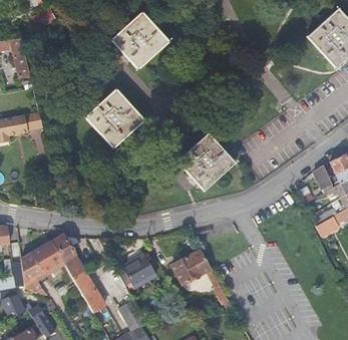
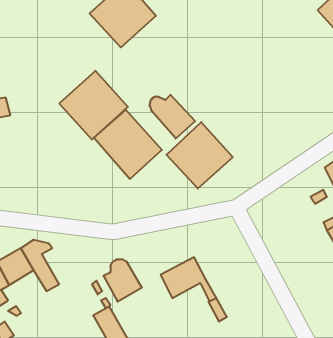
building: none -> [150,95,195,139]
building: none -> [94,110,162,179]
building: [73,272,104,312] -> none

